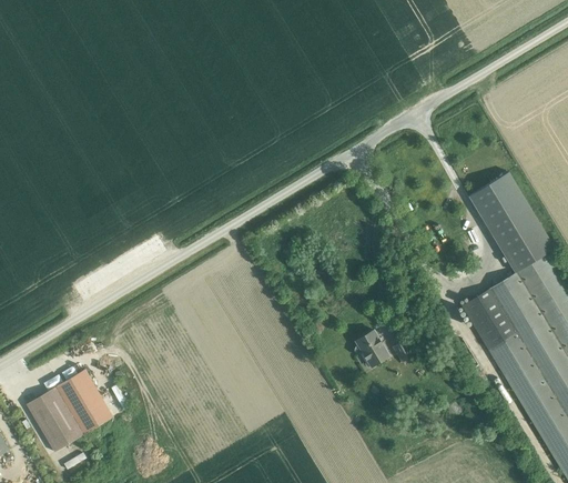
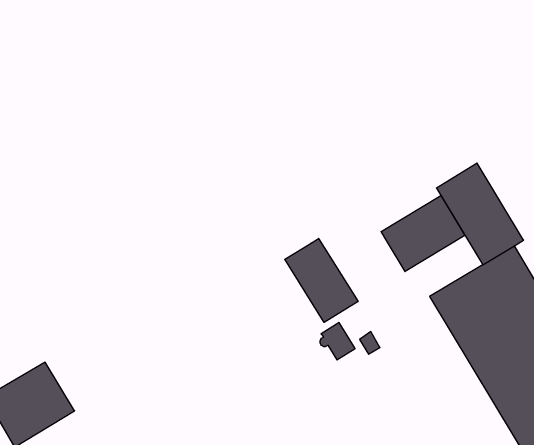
building: none -> [381,195,465,272]
building: none -> [285,238,358,322]

